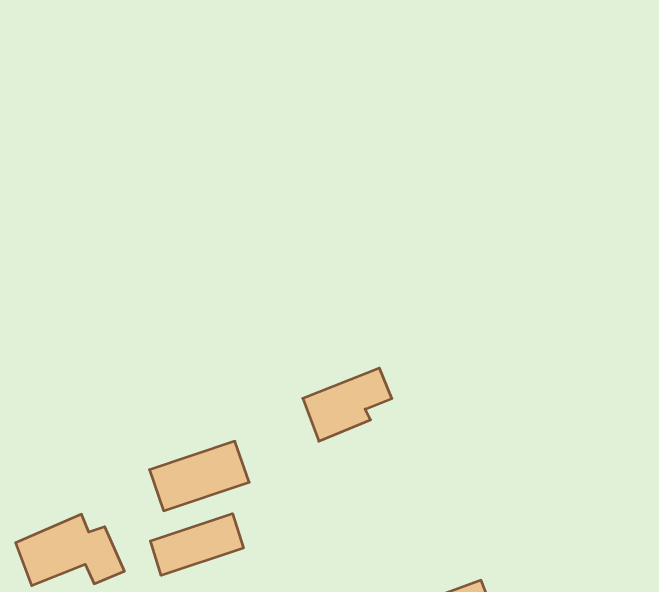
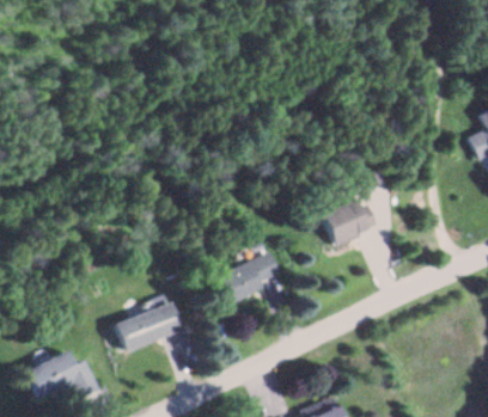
building: none -> [319,198,377,246]
building: [150,514,243,575] -> none

